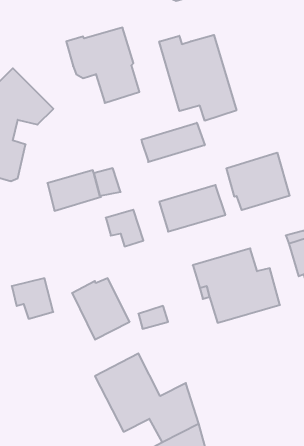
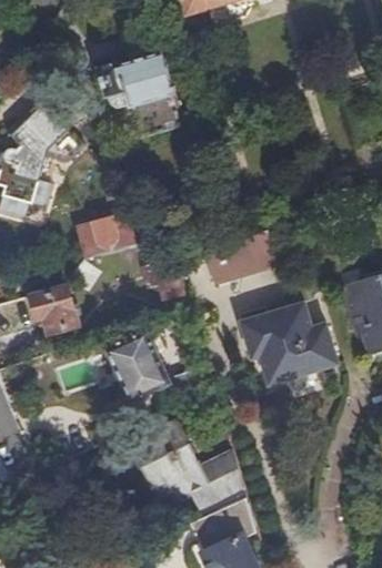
building: [159,35,236,121] -> none
building: [141,123,205,162] -> none
building: [226,153,290,210] -> none
building: [12,278,53,319] -> [30,286,77,332]

